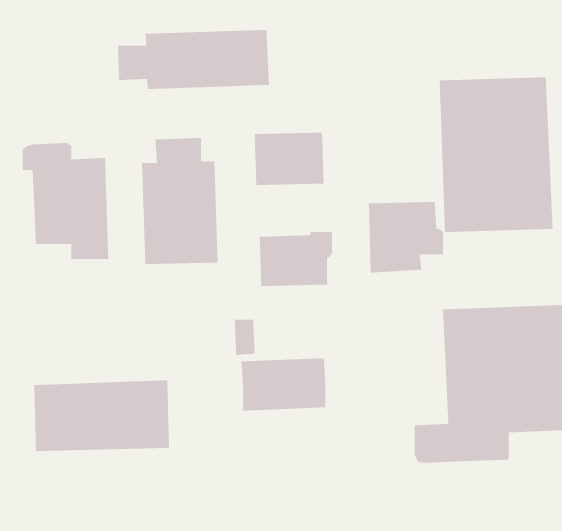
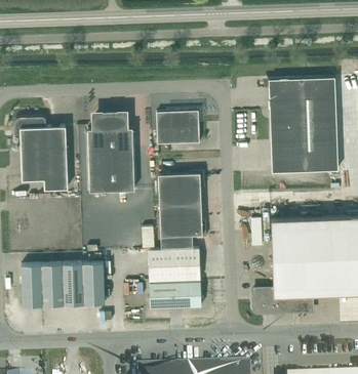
building: [117,29,270,90] -> none
building: [368,201,444,274] -> [160,204,206,248]
building: none -> [149,282,204,309]

